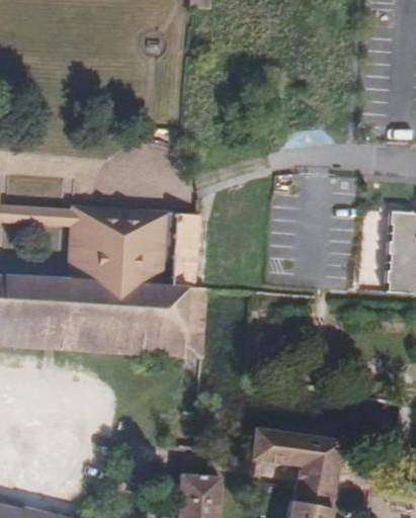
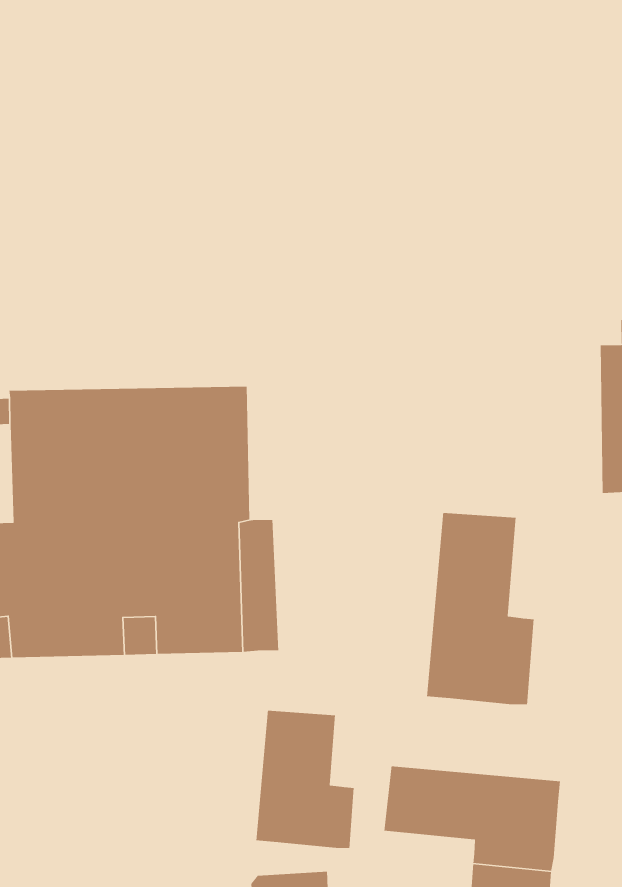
building: none -> [426,512,534,705]
building: none -> [255,710,354,849]

